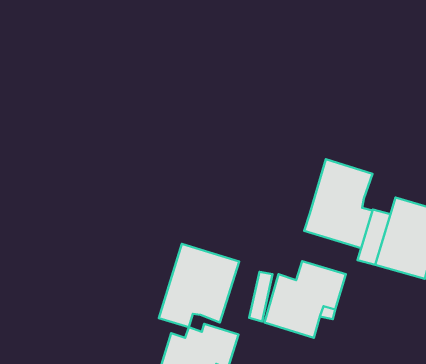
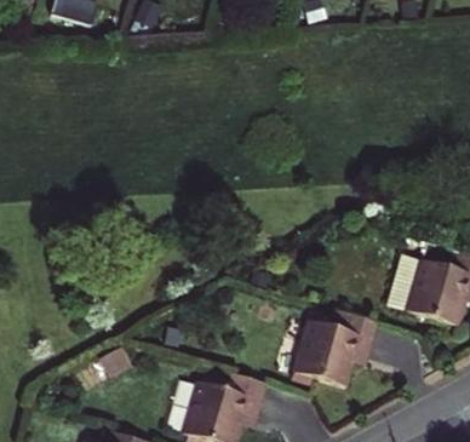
building: [304,159,372,248] -> none
building: [159,244,239,327] -> none

